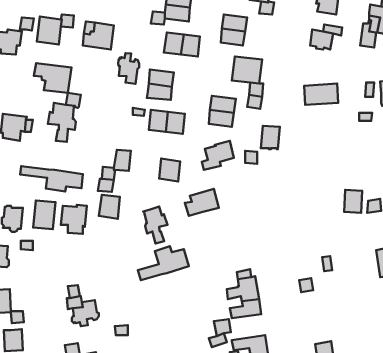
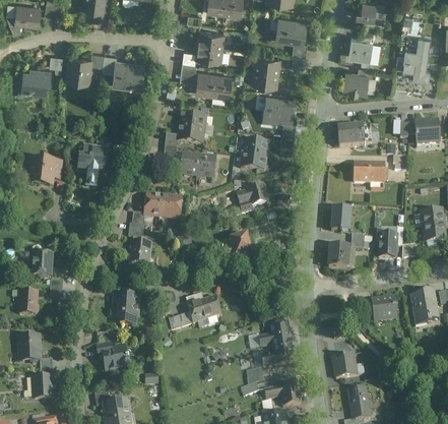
building: [118,53,139,84] -> none
building: [34,63,71,93] -> none
building: none -> [354,163,384,182]
building: [261,126,280,149] -> [331,209,350,233]
building: [159,159,180,182] -> [159,194,181,218]
building: [20,166,83,191] -> none
building: [33,201,56,229] -> none
building: none -> [328,245,356,269]
building: [61,205,87,234] -> [113,293,139,322]
building: [143,206,168,243] -> none
building: none -> [372,297,396,320]
building: none -> [332,354,356,378]

